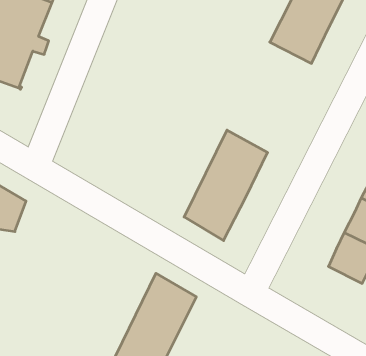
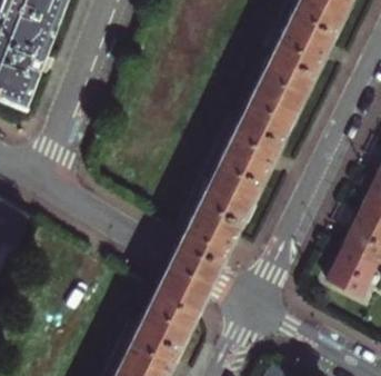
building: none -> [229,58,312,167]
building: none -> [159,230,225,309]

